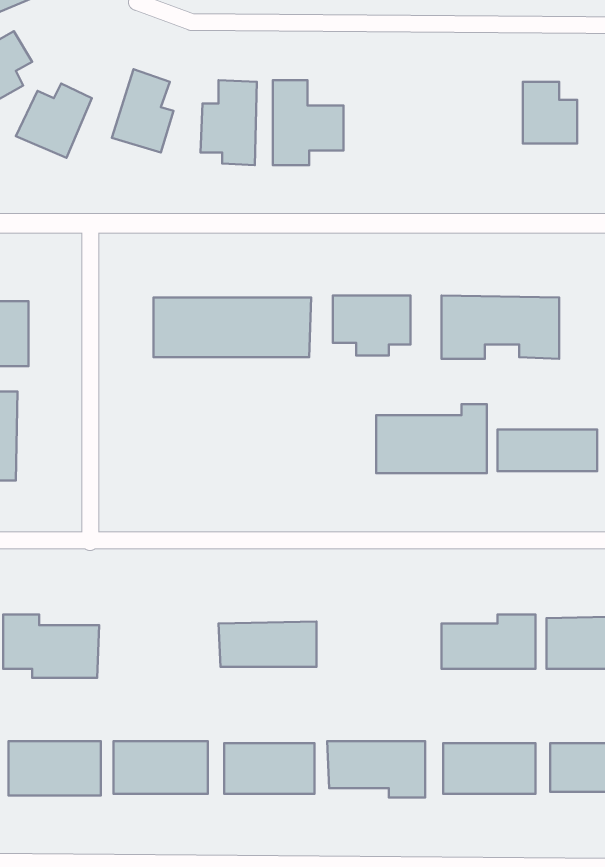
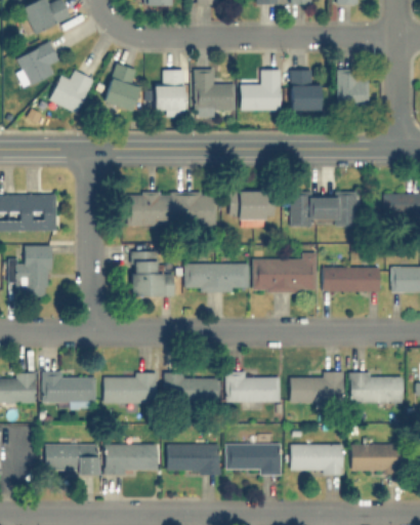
building: none -> [240,70,280,110]
building: none -> [290,70,319,110]
building: none -> [130,250,173,295]
building: none -> [185,262,248,291]
building: none -> [225,372,280,402]
building: none -> [104,374,158,402]

